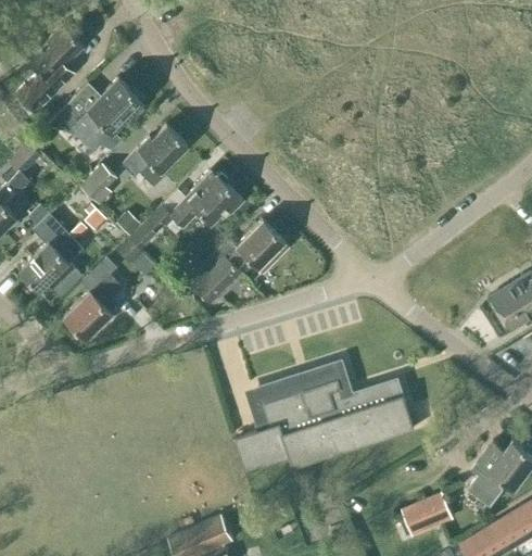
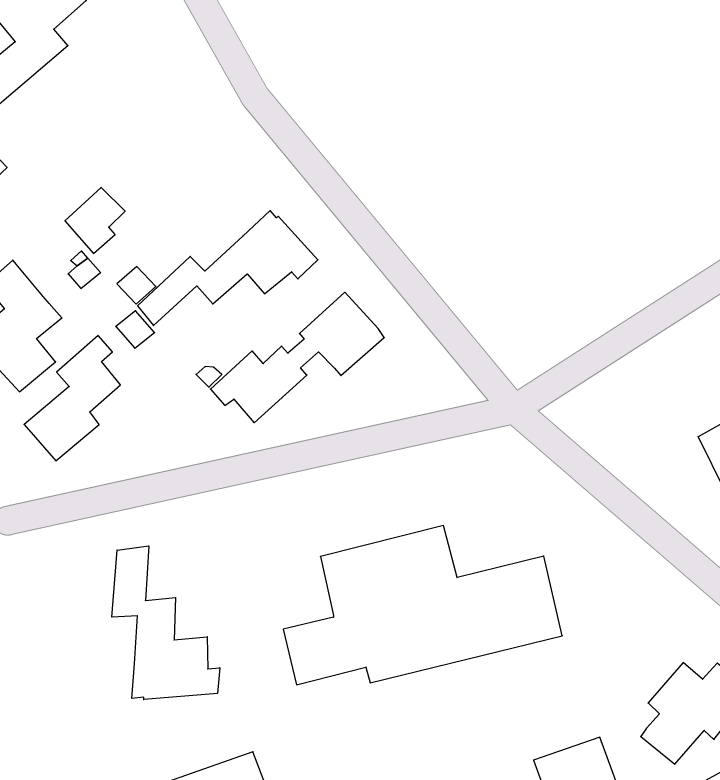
building: [55,78,142,149] -> none
building: [123,126,188,187] -> none
building: none -> [112,546,220,700]

